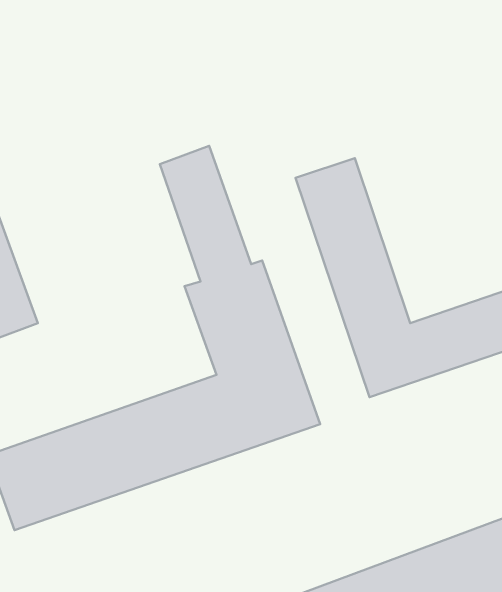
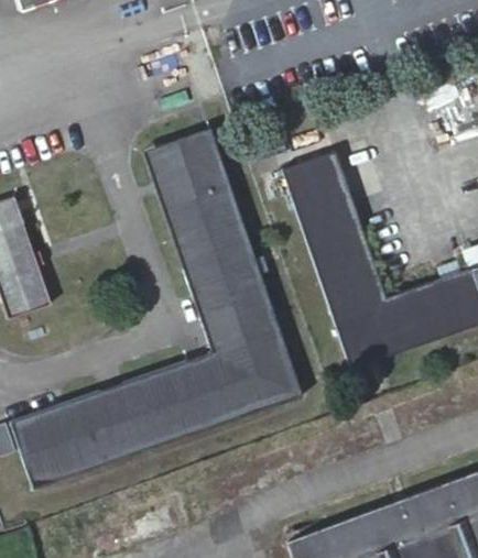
building: none -> [143,127,253,269]

